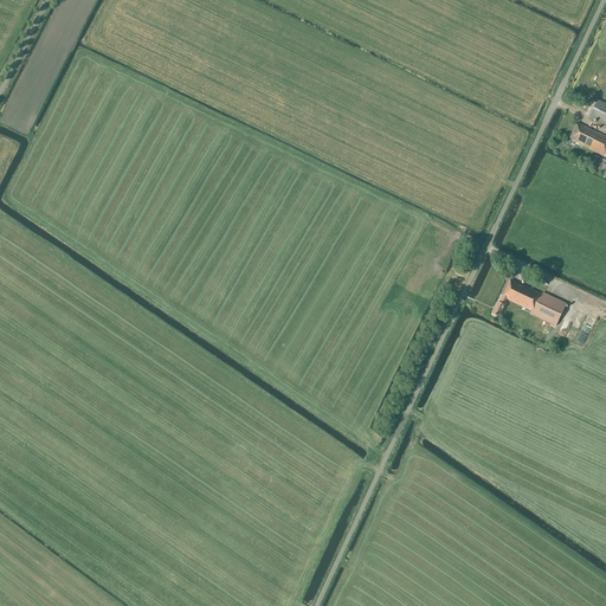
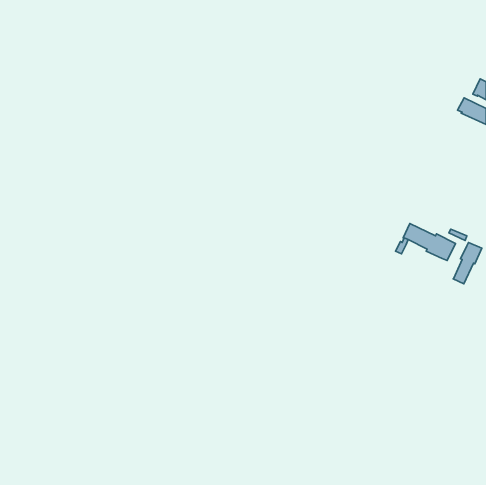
building: none -> [453,242,482,284]

